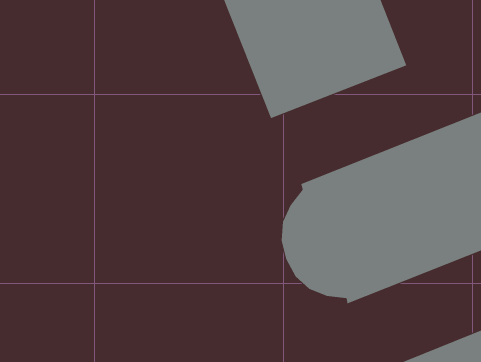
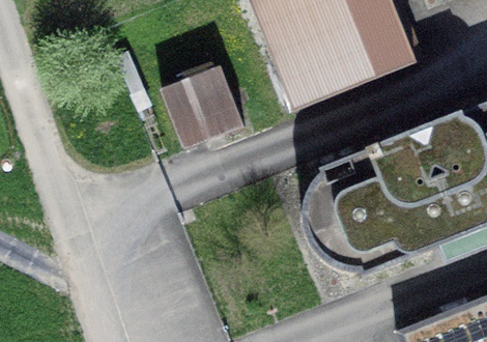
building: none -> [162,64,246,148]

